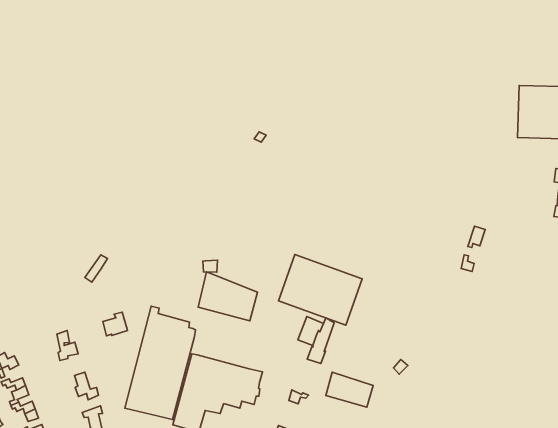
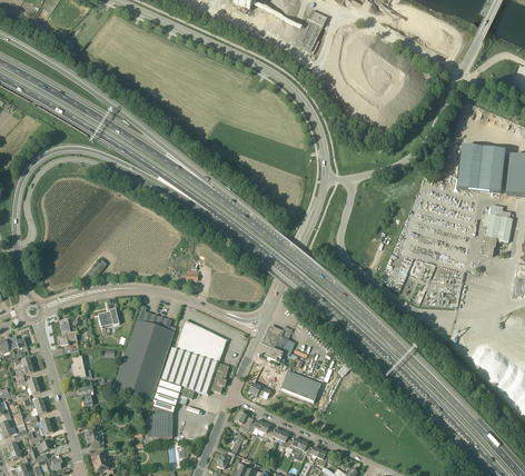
building: [279,255,362,325] -> none
building: [198,272,257,321] -> [176,319,226,363]

